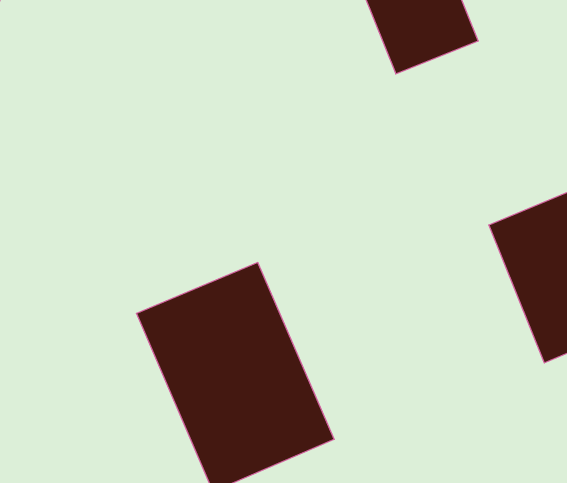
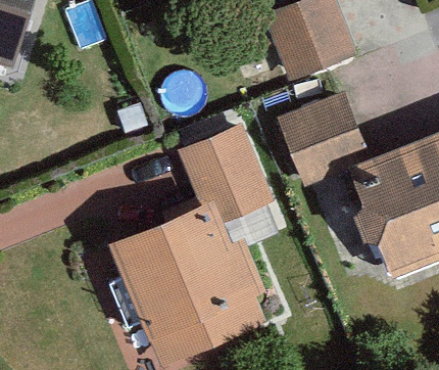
building: none -> [279,95,364,181]
building: none -> [188,128,270,219]

